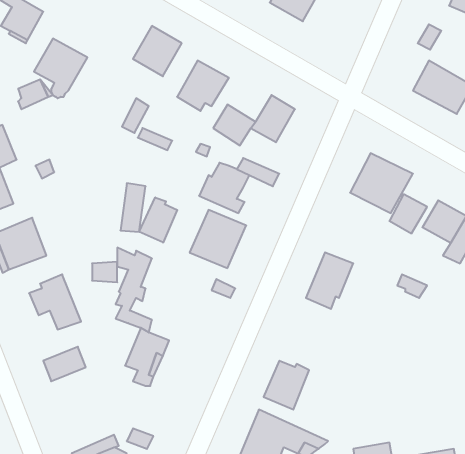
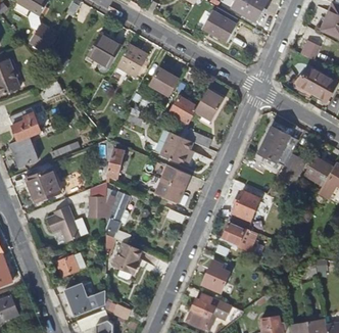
building: [34,39,87,98] -> [87,32,122,70]
building: [139,197,177,243] -> none
building: none -> [222,222,257,252]
building: none -> [64,284,105,314]

